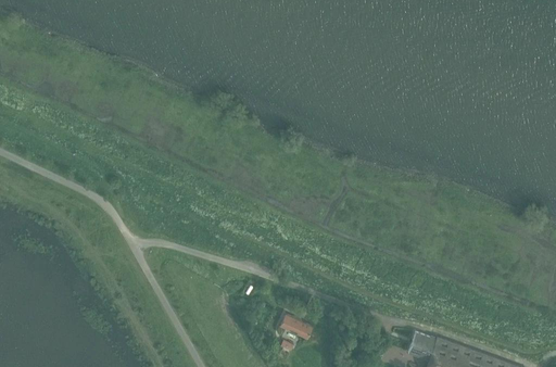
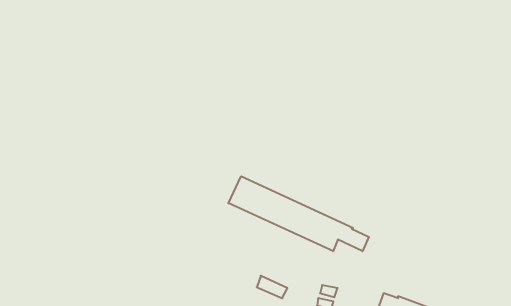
building: none -> [228,176,369,251]

